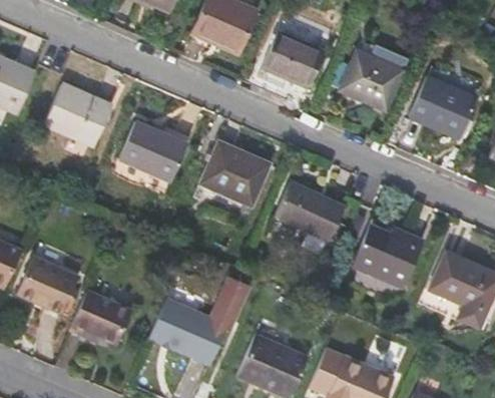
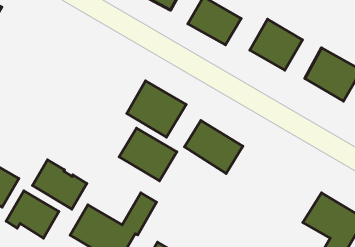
building: [44,84,112,145] -> none
building: [118,121,187,181] -> [119,128,177,181]
building: [353,227,423,288] -> none
building: none -> [32,160,87,209]

